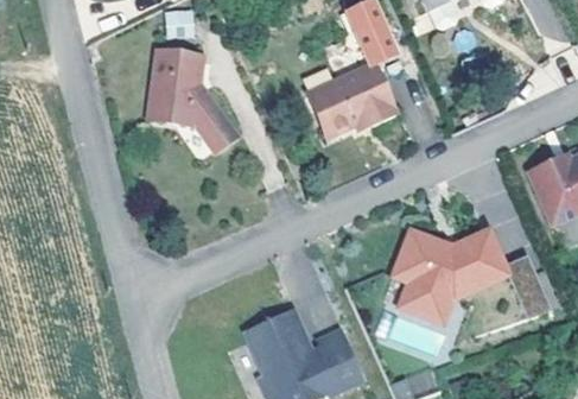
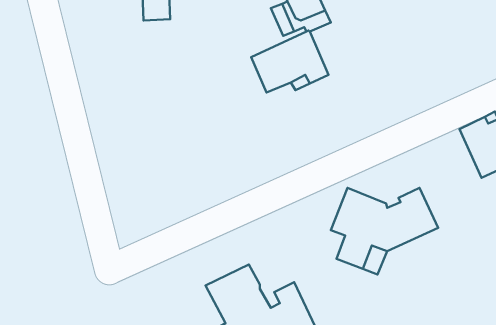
building: [148,51,229,152] -> none

